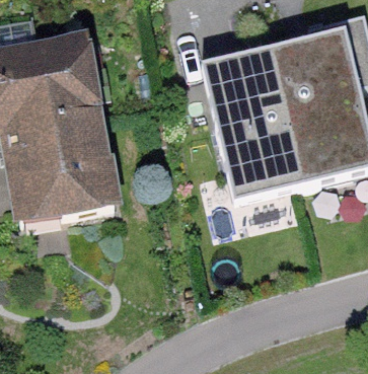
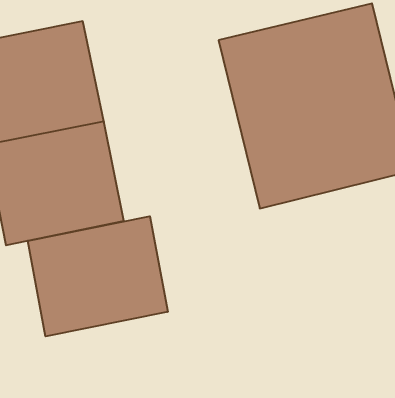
building: none -> [28,216,168,336]

